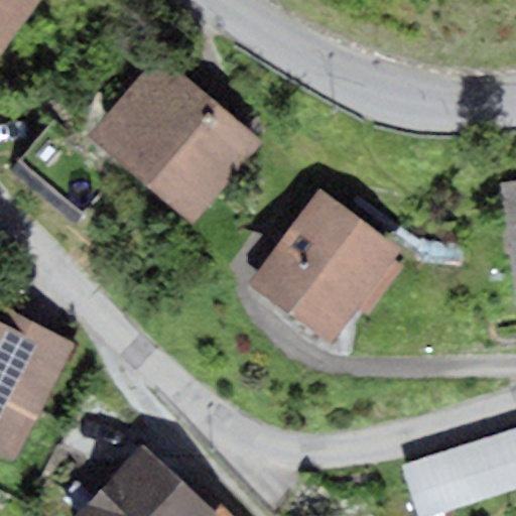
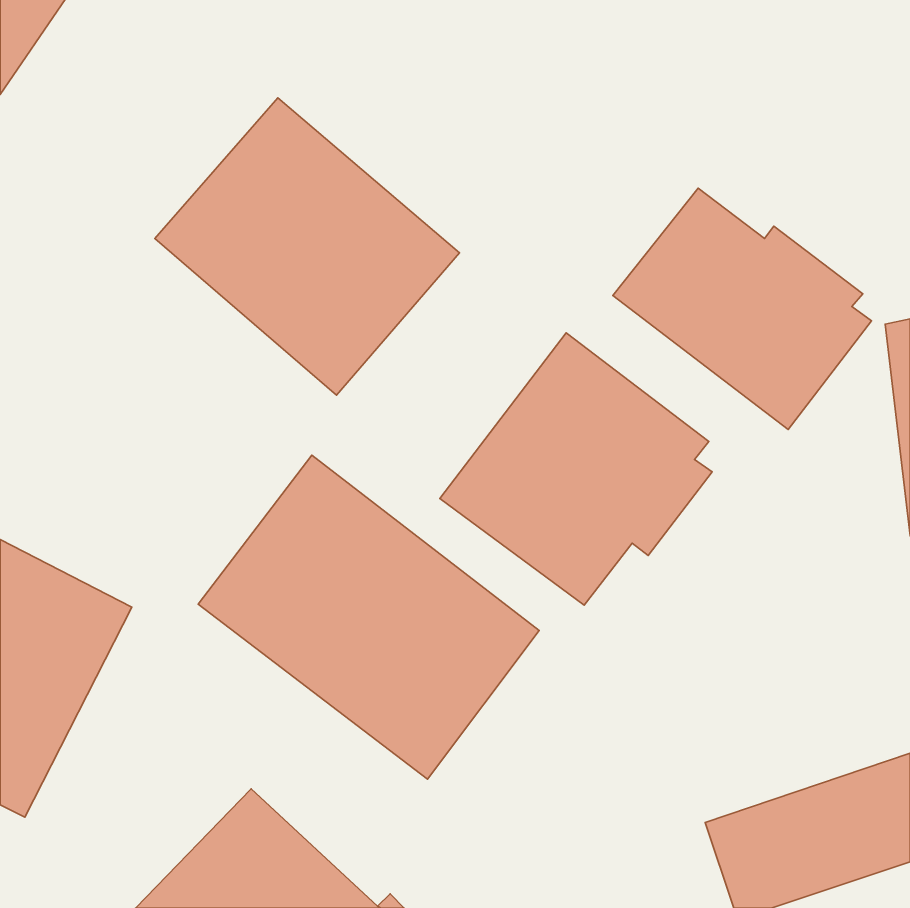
building: none -> [613,188,871,430]
building: none -> [198,455,539,779]

